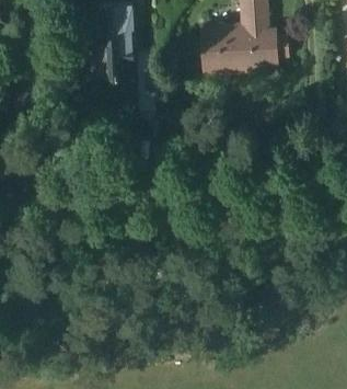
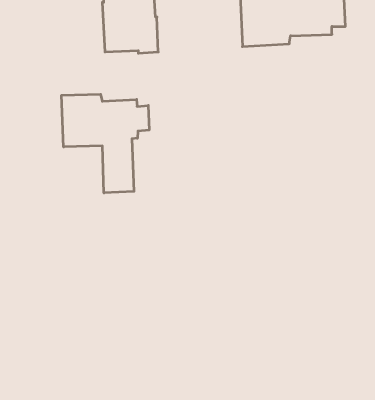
building: none -> [62,94,149,193]

